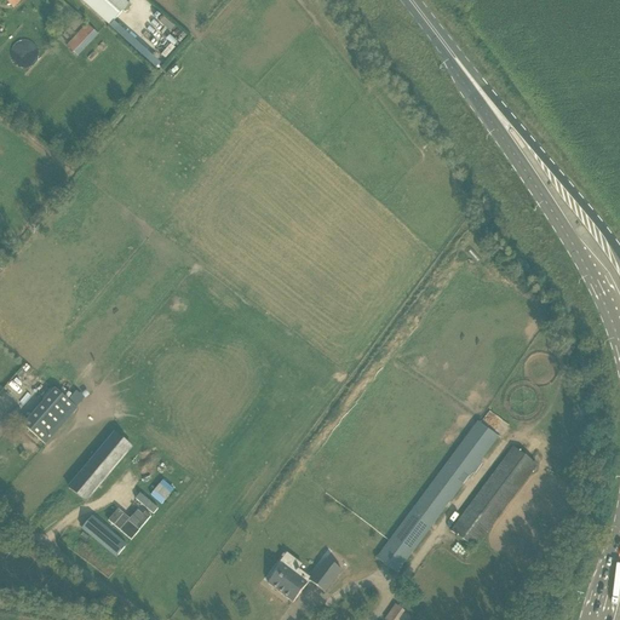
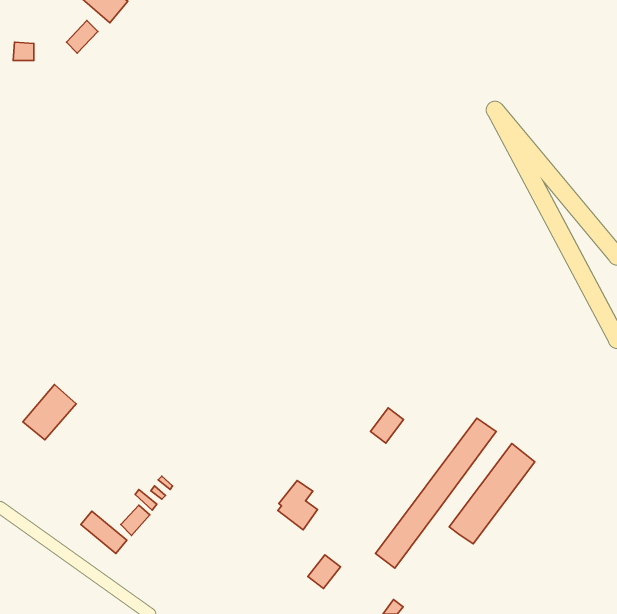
building: none -> [370,408,404,443]
building: [69,434,128,494] -> none
building: [268,550,308,599] -> [278,480,318,530]

